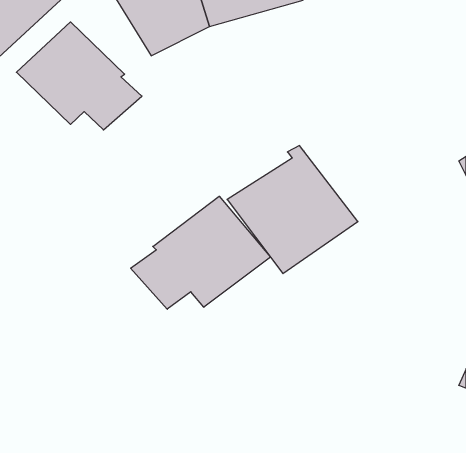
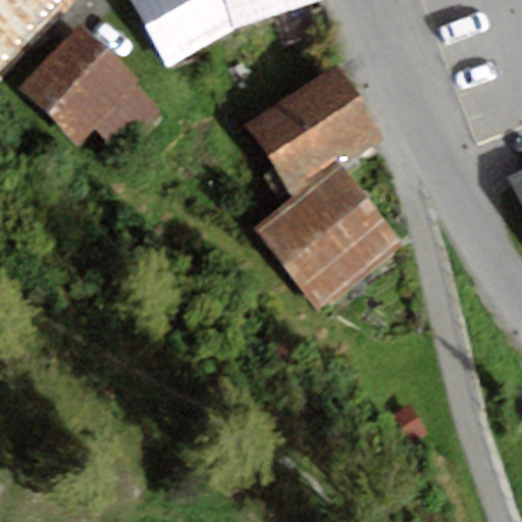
building: none -> [245,65,377,190]
building: [131,196,271,309] -> none

